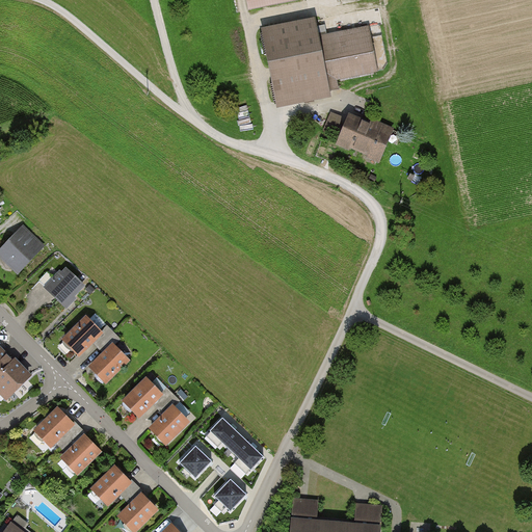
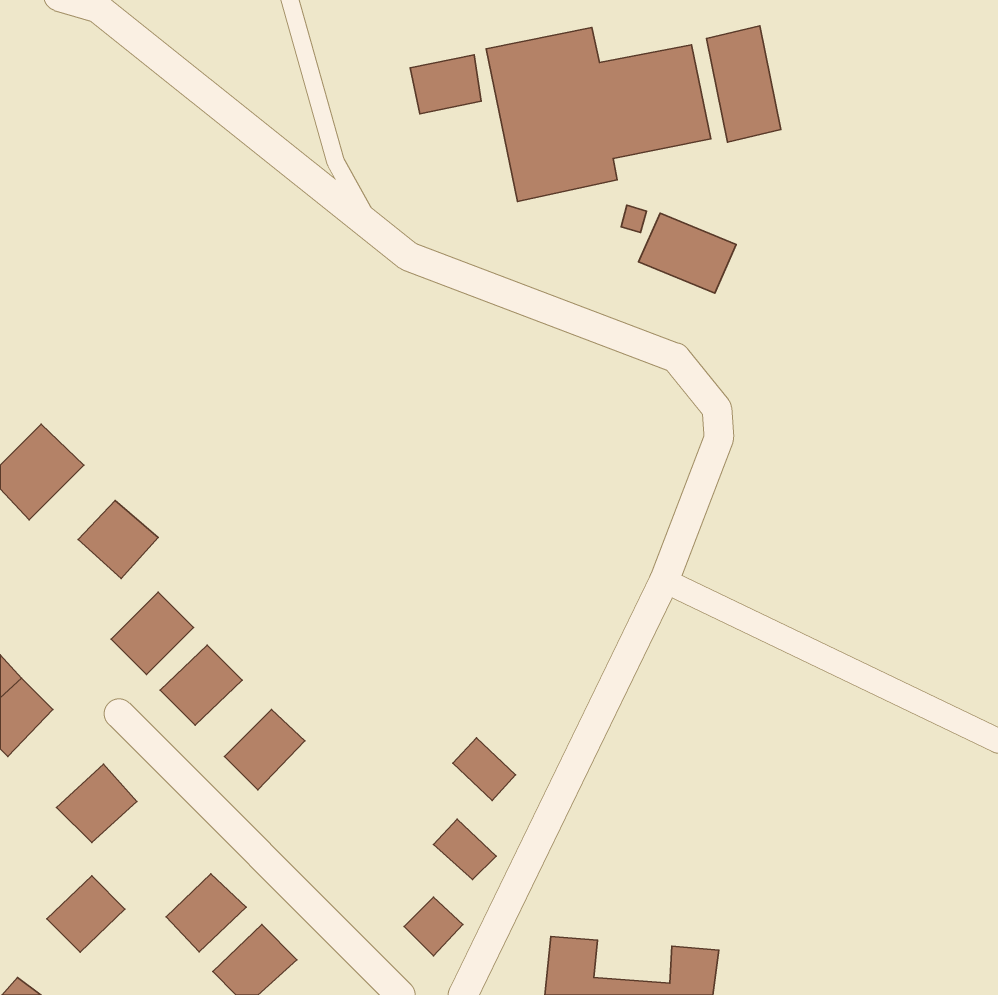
building: none -> [706,26,781,142]
building: none -> [410,55,481,114]
building: [147,404,189,447] -> none
building: [210,416,243,449] -> [453,738,515,800]
building: [59,435,101,476] -> [47,876,125,952]
building: [180,444,212,476] -> none

